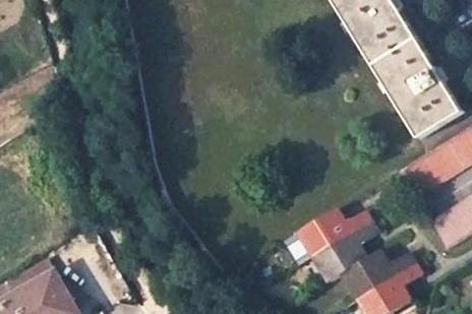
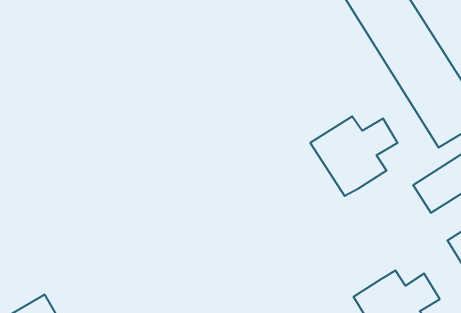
building: [294,209,374,282] -> [310,116,398,196]

